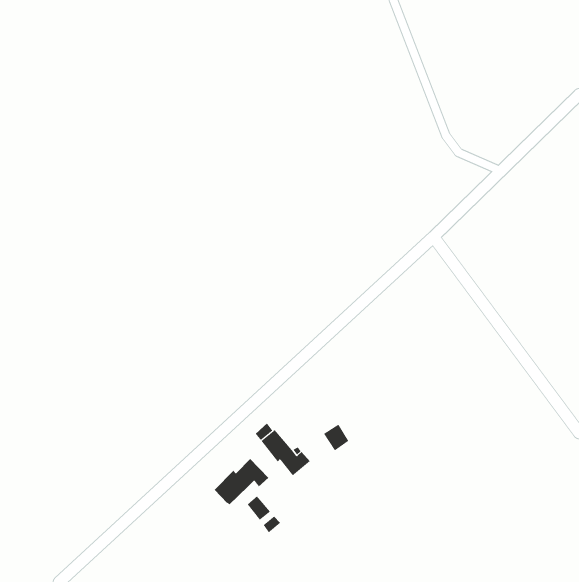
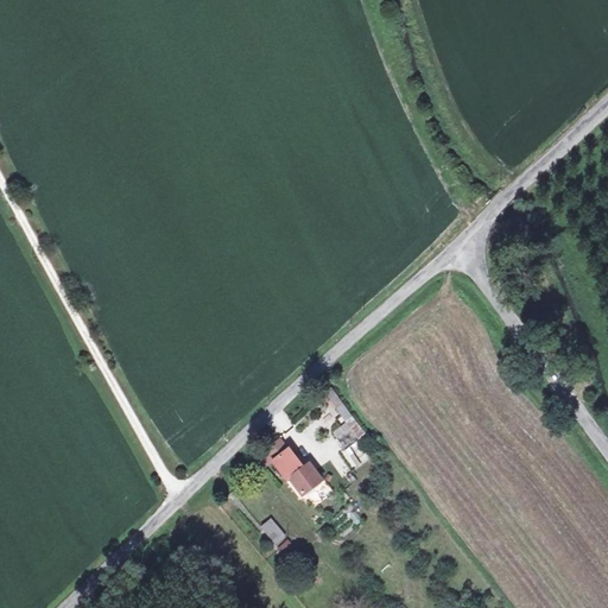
building: [214,458,269,505] -> none

